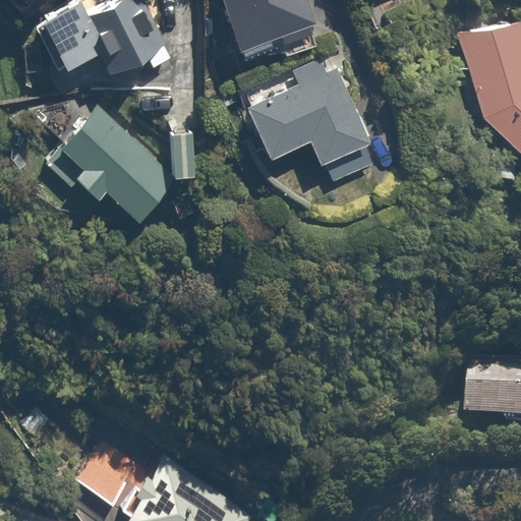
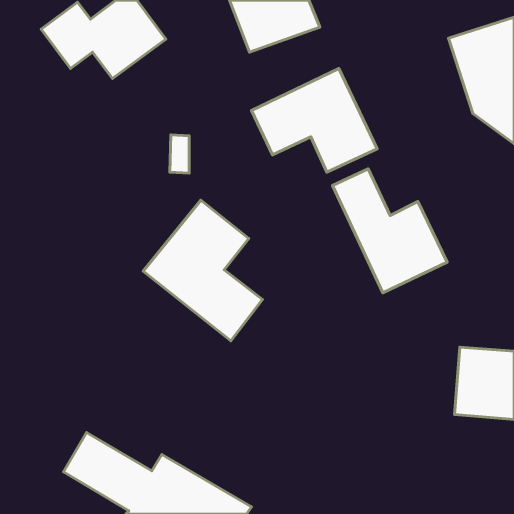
building: [51,112,170,215] -> none
building: none -> [333,169,447,293]
building: none -> [143,200,263,341]

